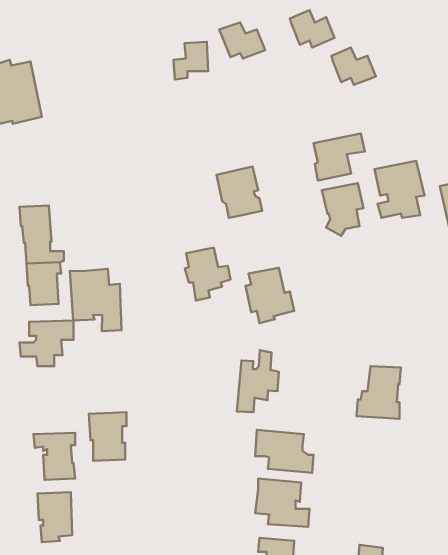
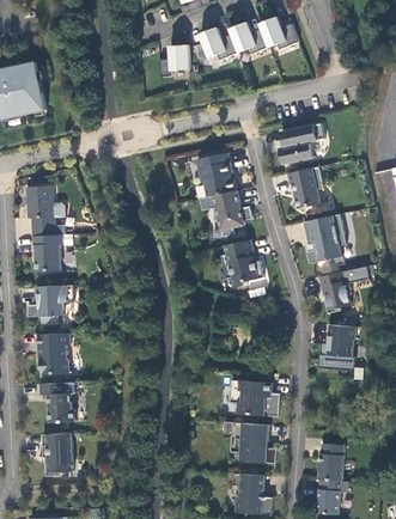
building: [332,47,376,85] -> [230,23,268,55]
building: [375,161,424,218] -> [303,215,346,264]
building: [185,248,231,300] -> [212,191,251,237]
building: [70,269,122,331] -> none
building: none -> [319,267,368,315]
building: [237,350,279,412] -> none
building: [89,412,126,461] -> [37,334,69,375]
building: none -> [317,444,343,482]

